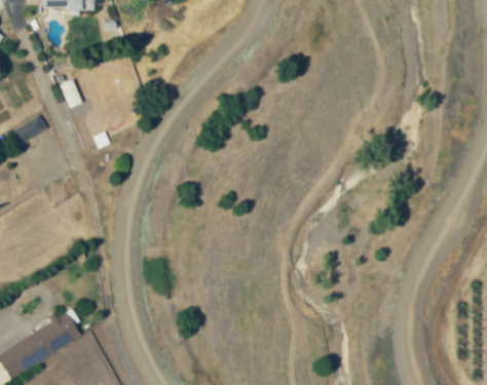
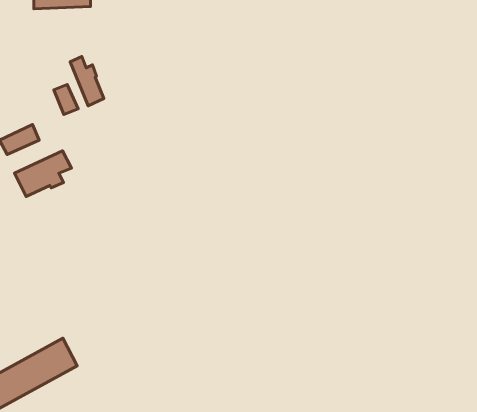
building: none -> [70,56,104,106]
building: none -> [15,151,71,196]

